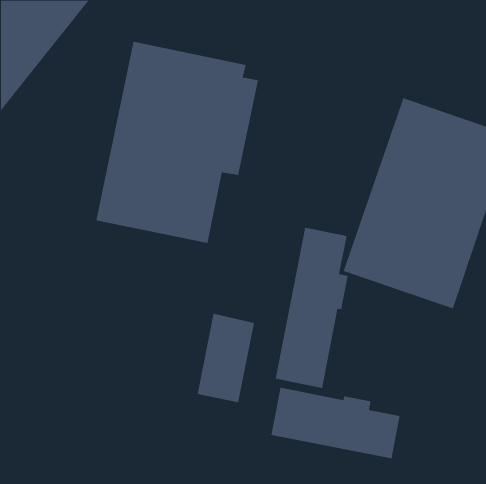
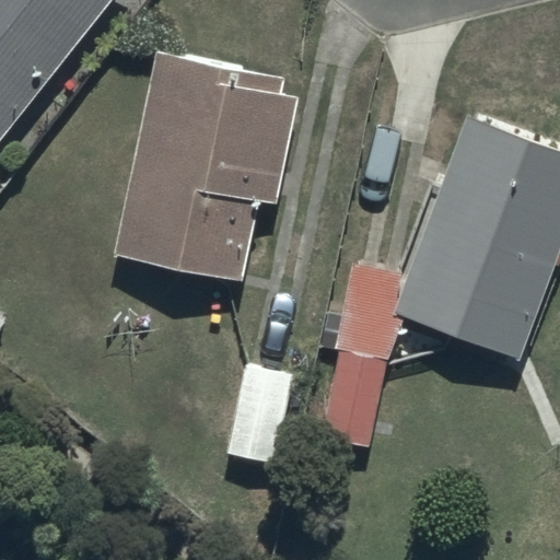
building: [271,387,400,459] -> none

